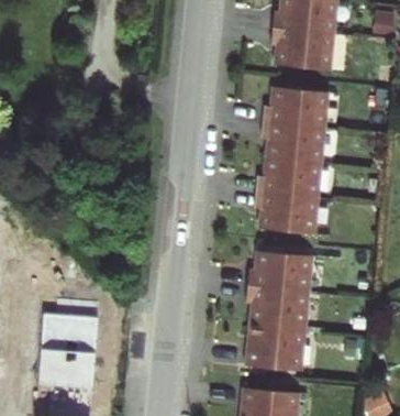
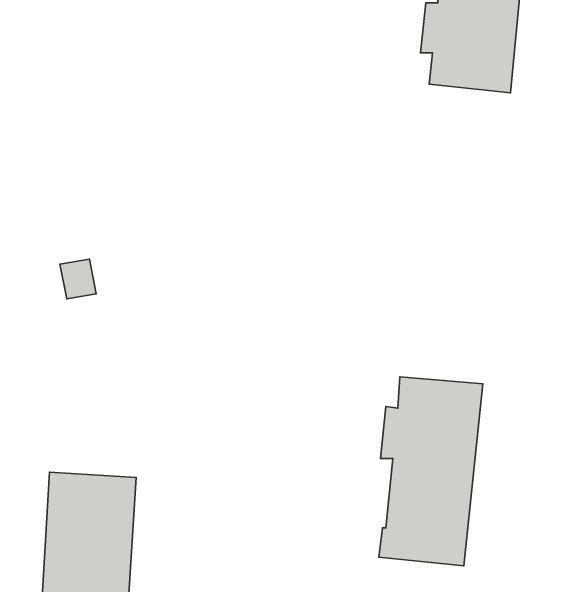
building: [256,86,327,233] -> none

